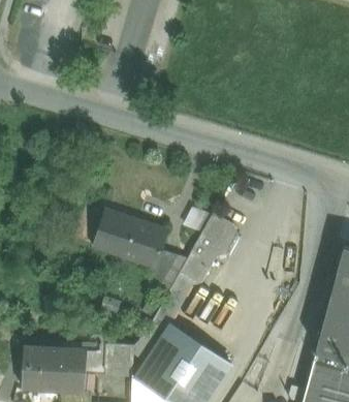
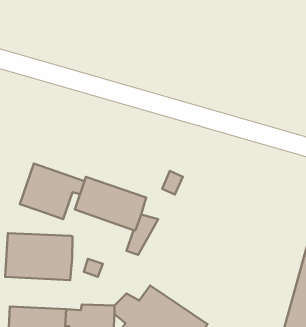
building: none -> [20,164,84,219]
building: [147,214,237,340] -> none
building: none -> [5,233,73,280]

